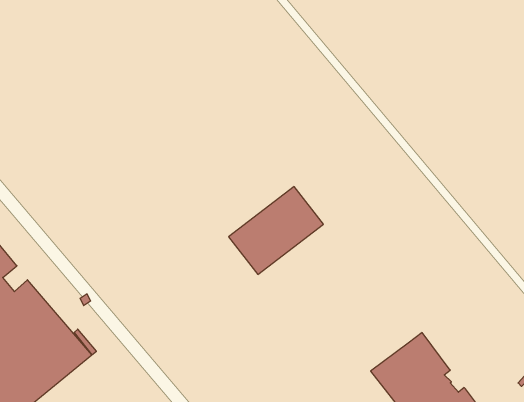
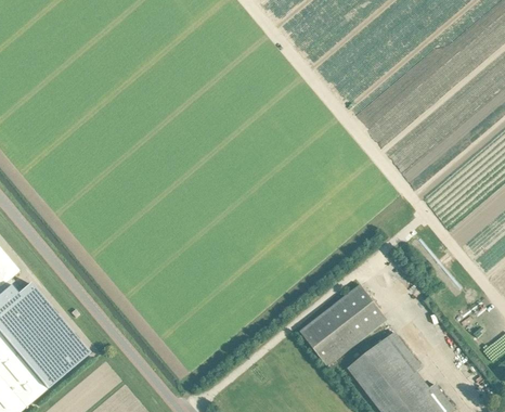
building: [229,187,323,274] -> [298,286,386,368]

